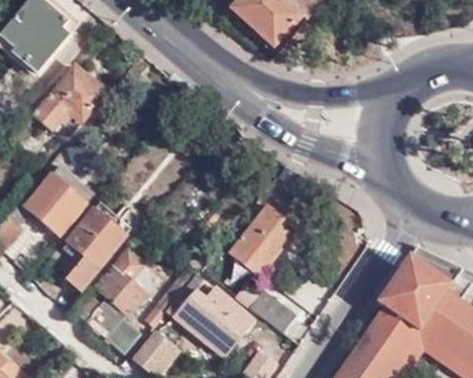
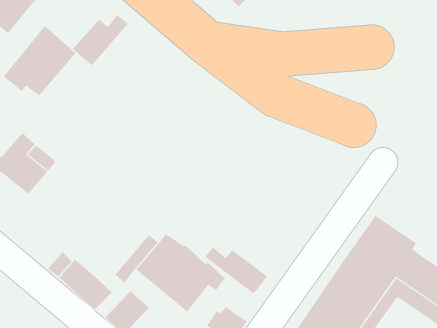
building: none -> [72,14,129,66]
building: [231,206,291,277] -> none
building: [62,209,125,295] -> none
building: [99,248,162,317] -> none

